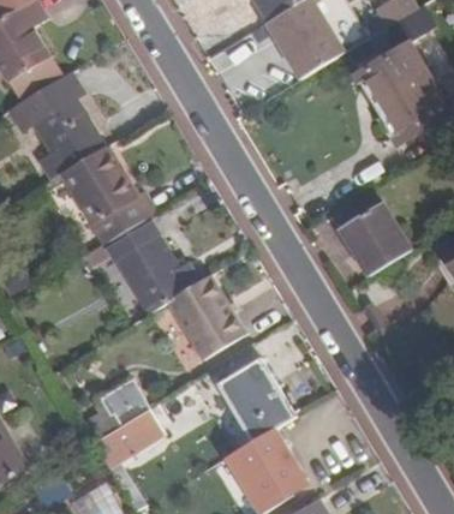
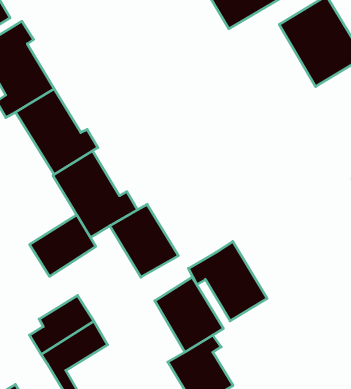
building: [340,203,410,276] -> none
building: none -> [30,215,96,276]
building: none -> [188,241,267,321]

